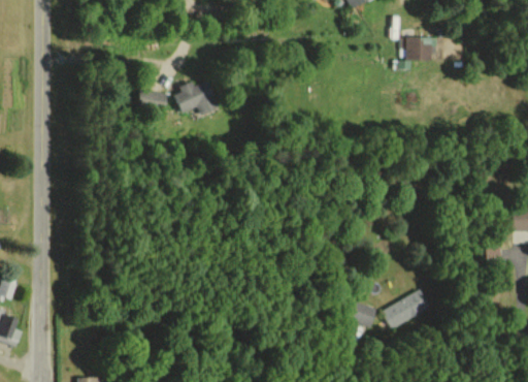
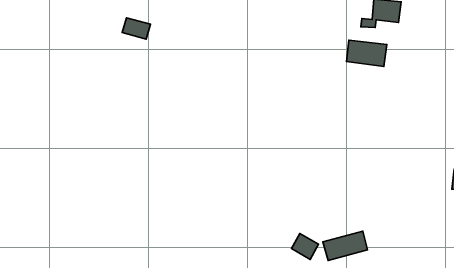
building: [173,78,218,116] -> none
building: none -> [347,40,387,66]

